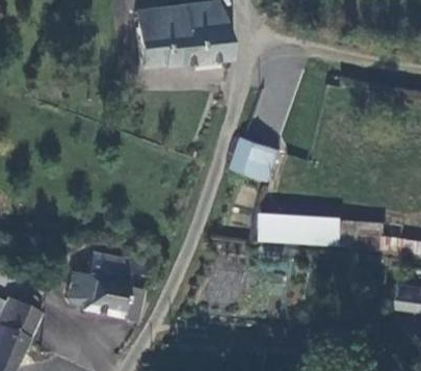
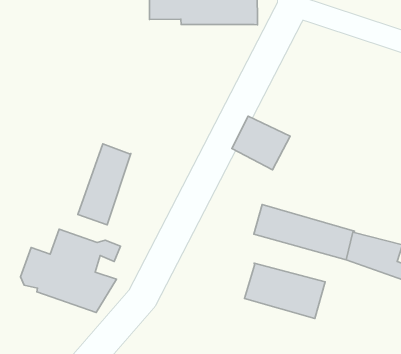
building: none -> [78,144,131,225]
building: none -> [244,263,325,319]

